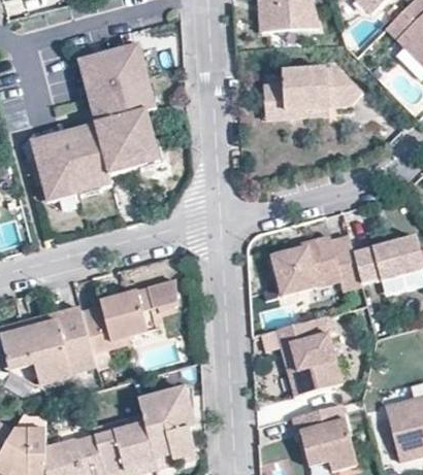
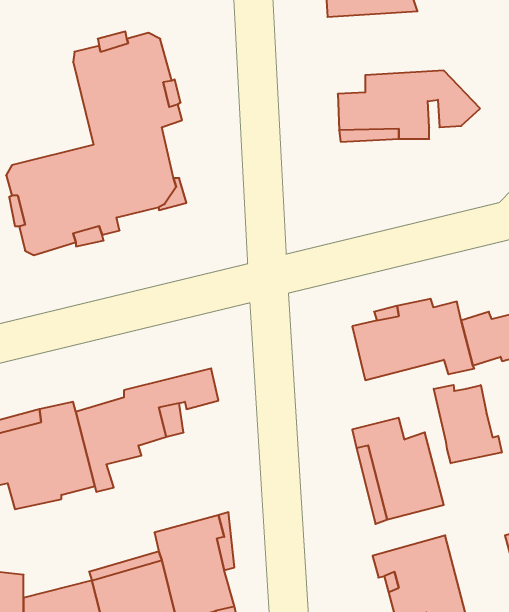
building: none -> [434,385,502,463]

